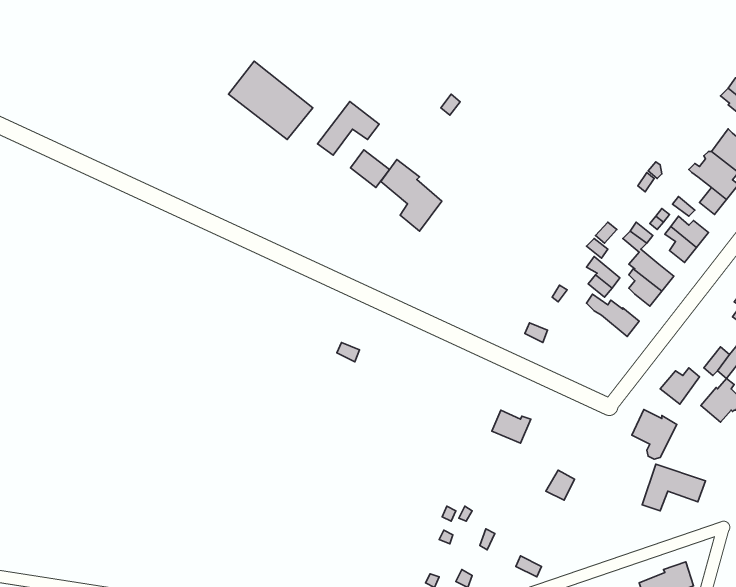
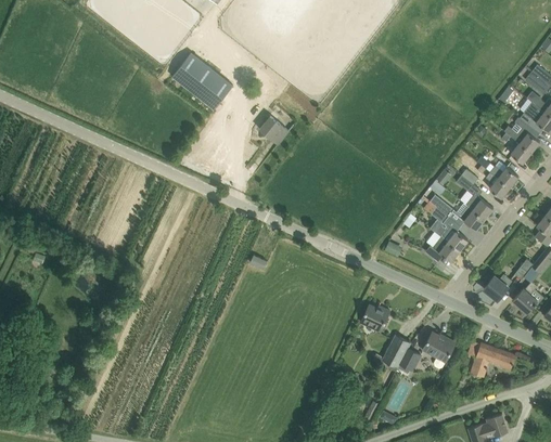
building: [317,102,379,155] -> none
building: [381,160,442,231] -> none
building: none -> [425,236,459,262]
building: [632,410,677,459] -> [422,333,454,368]
building: none -> [382,334,412,367]

